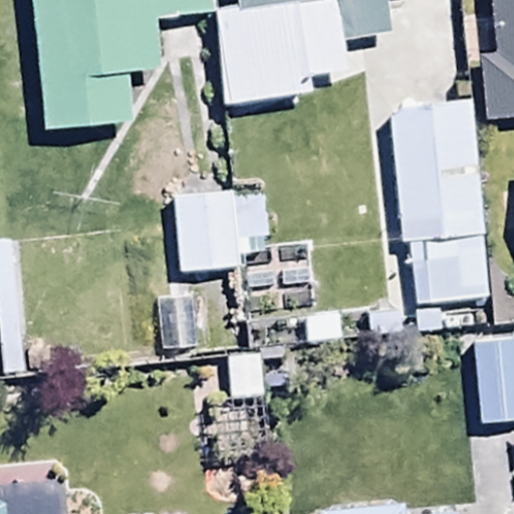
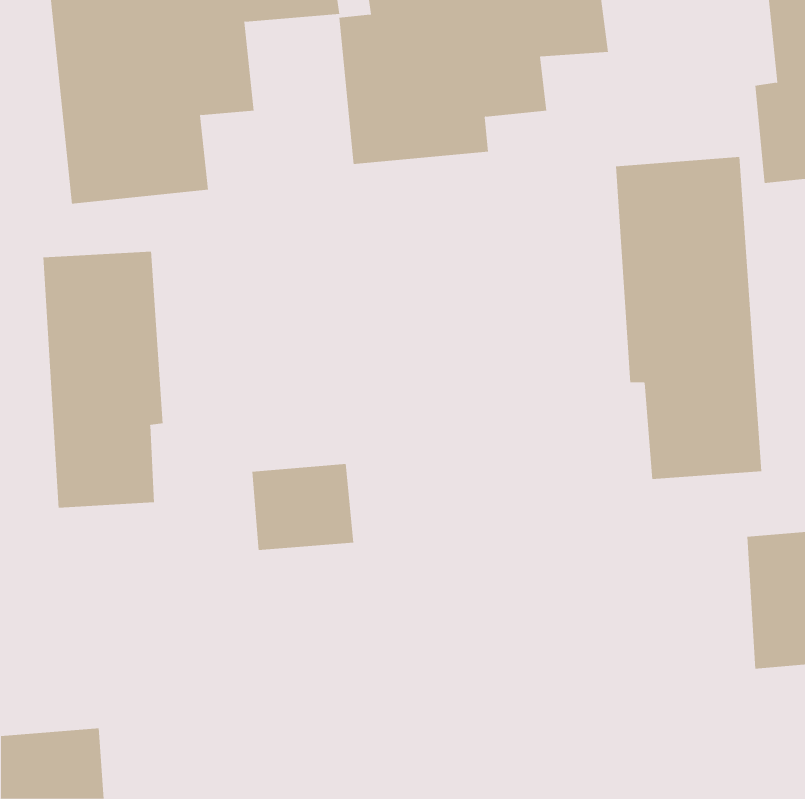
building: none -> [43,251,163,509]
building: [176,191,266,271] -> none

